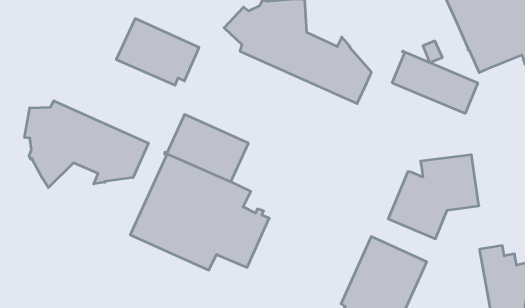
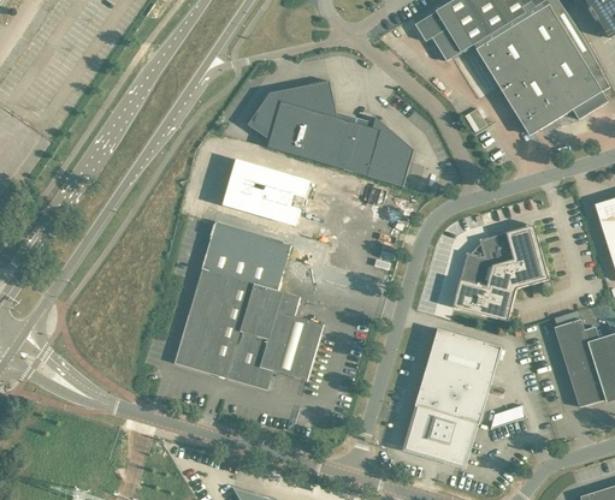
building: [116,19,199,85] -> [221,159,309,225]
building: [392,51,478,113] -> none
building: [25,101,148,188] -> none

